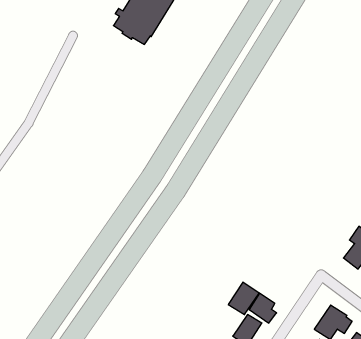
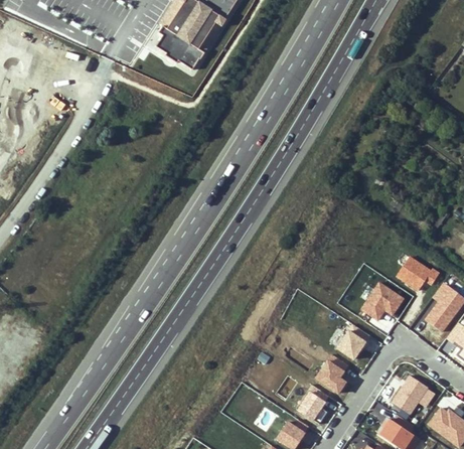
building: none -> [397,255,440,291]
building: none -> [360,280,405,320]
building: [228,282,259,315] -> [335,322,371,360]

